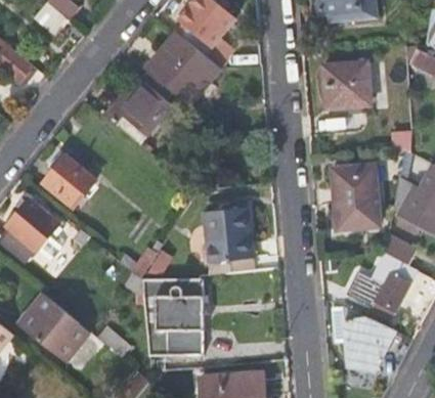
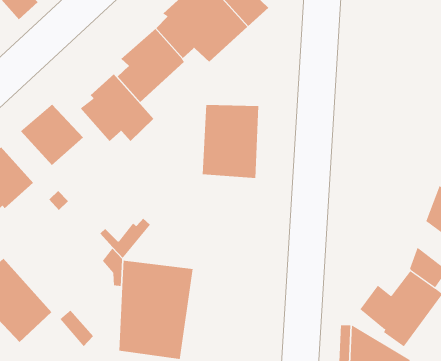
building: [321,60,369,107] -> none
building: none -> [80,74,154,142]
building: [330,162,380,228] -> none
building: [203,207,254,271] -> [202,105,259,179]

